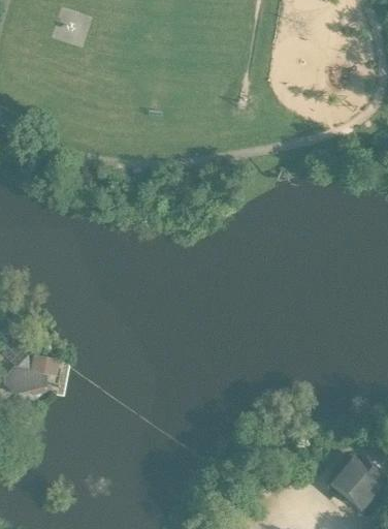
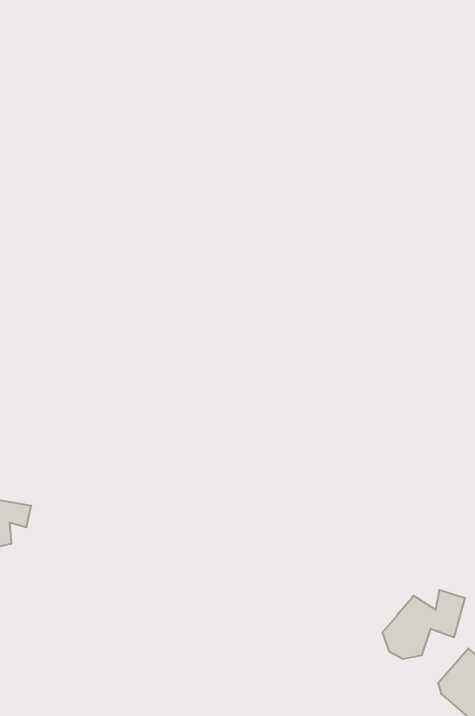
building: none -> [383,590,465,659]

